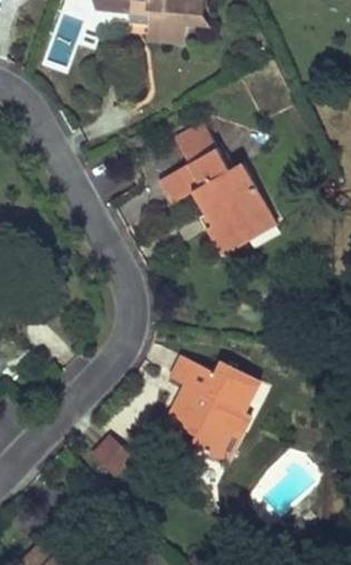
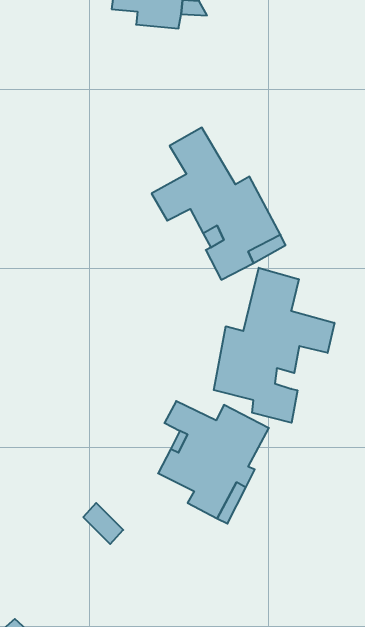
building: none -> [214,268,334,423]

